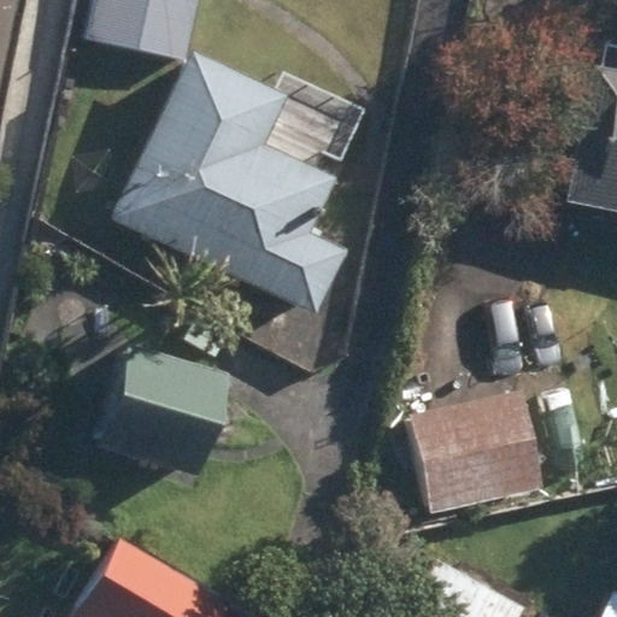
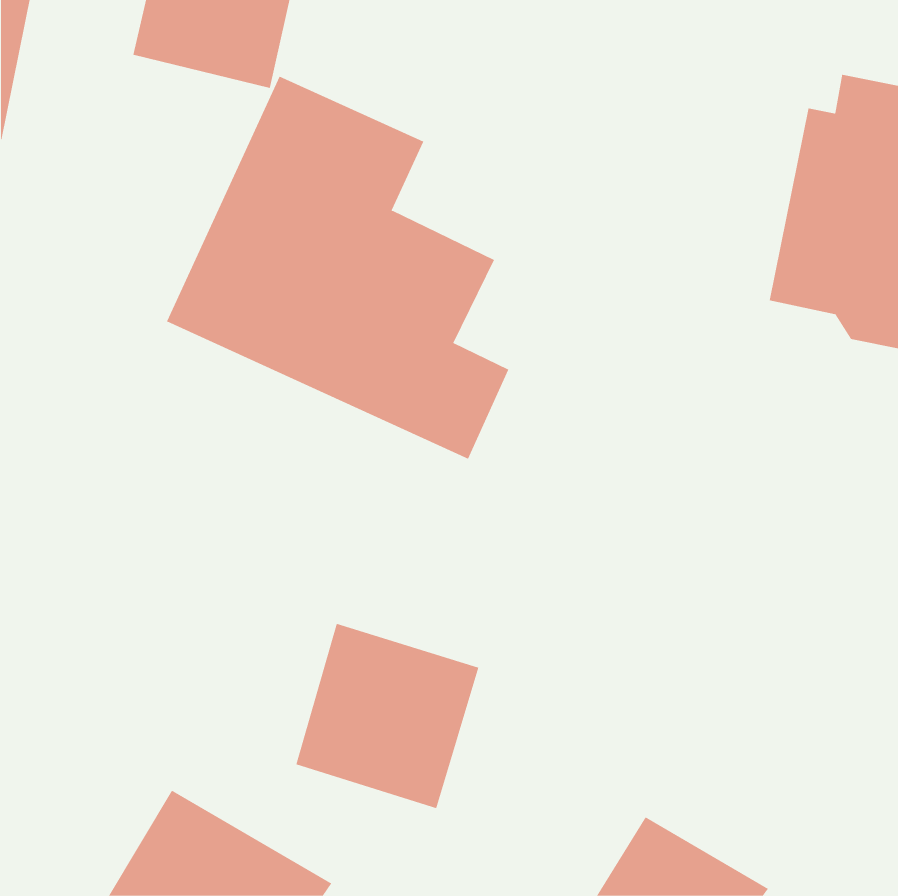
building: [106,346,231,472] -> [295,623,479,809]
building: [390,392,524,515] -> none

